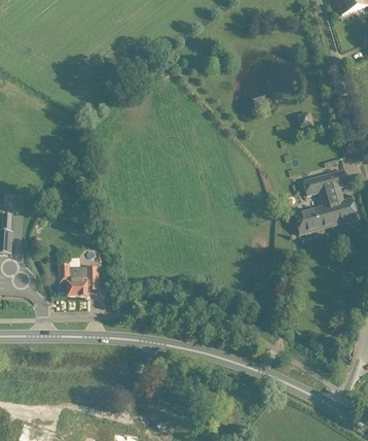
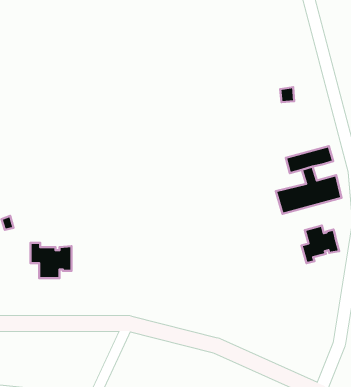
building: none -> [301,226,339,263]

